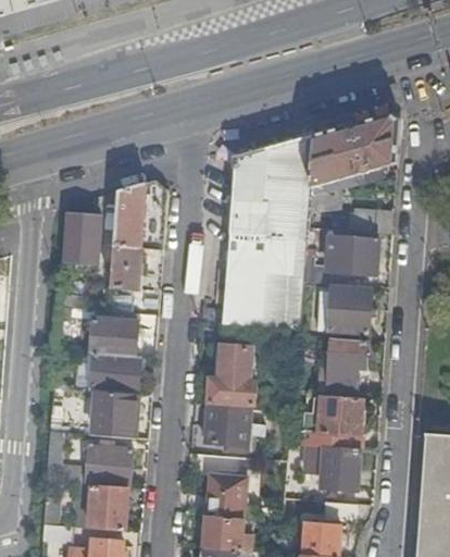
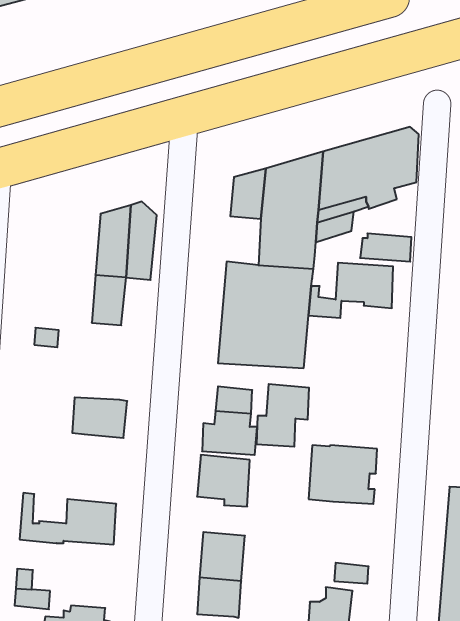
building: [229,193,260,236] -> none
building: [62,212,100,264] -> none
building: [328,286,371,333] -> none
building: [90,309,138,356] -> none
building: [320,337,366,393] -> [256,384,309,447]
building: [93,392,136,437] -> none
building: [322,446,360,490] -> none
building: [76,483,126,530] -> none

